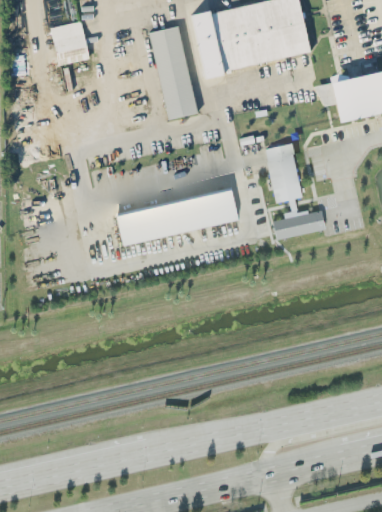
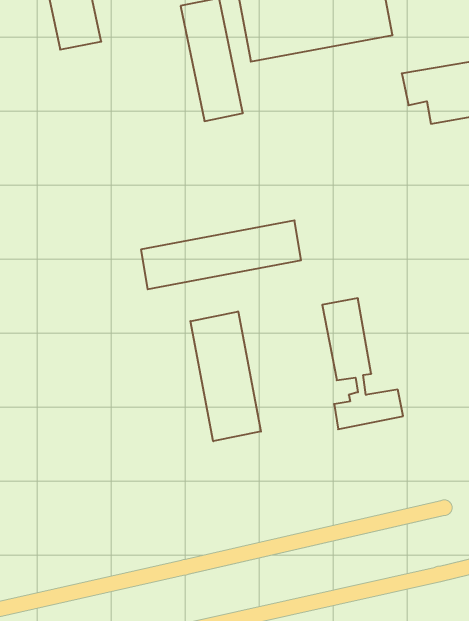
building: [266,142,327,241] -> [322,298,403,429]
building: none -> [190,311,261,441]

